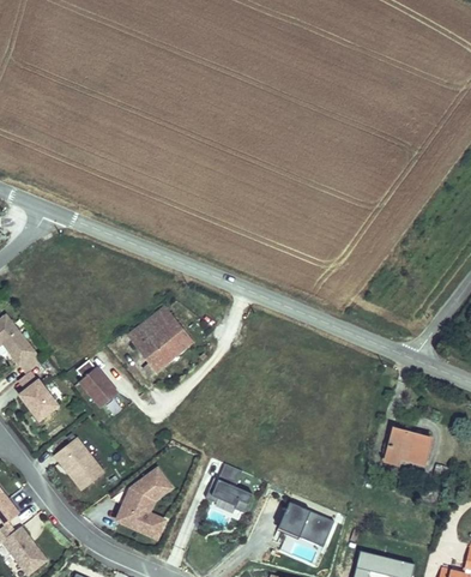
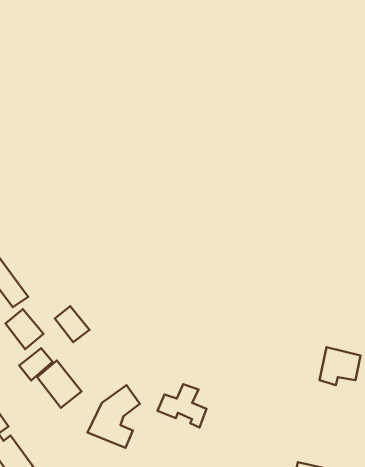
building: [126,308,193,381] -> none
building: none -> [19,348,52,380]
building: [279,499,337,546] -> none

